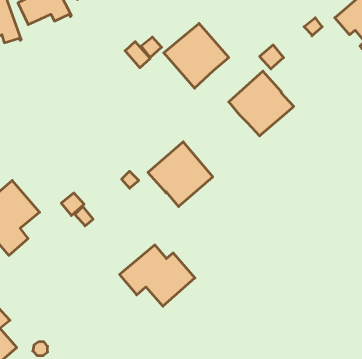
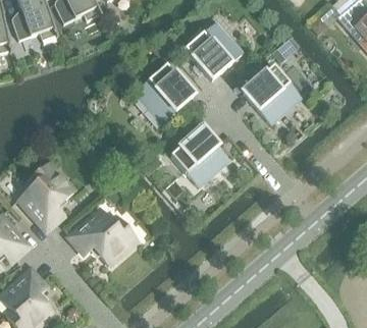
building: none -> [136,64,194,122]
building: [120,245,195,306] -> [69,209,137,264]

